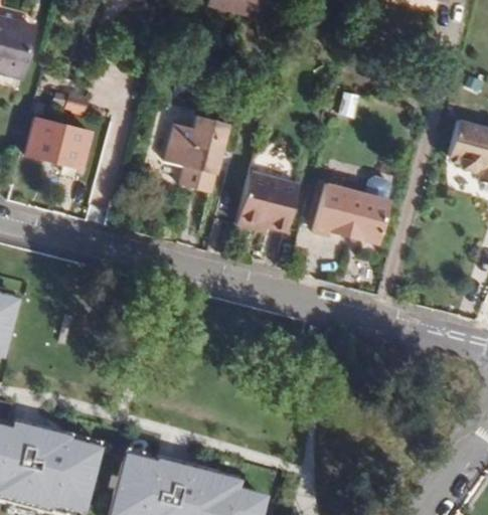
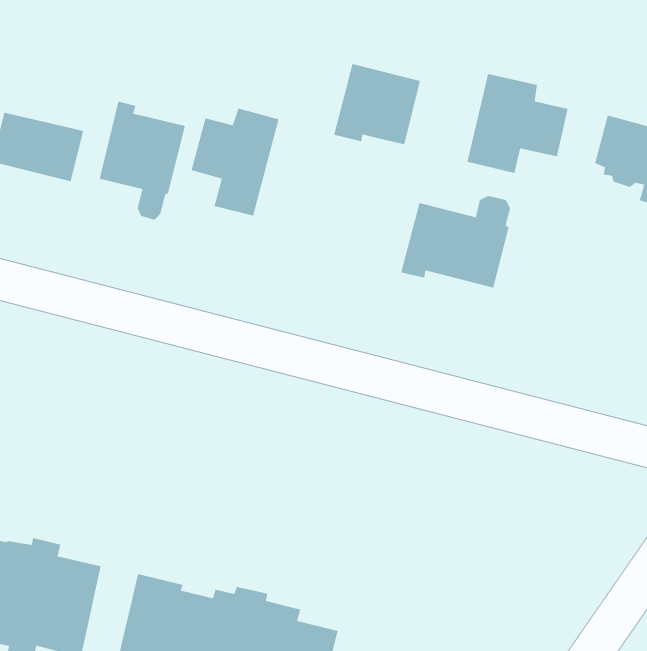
building: none -> [467,73,568,174]
building: none -> [99,100,186,220]
building: [236,175,298,232] -> [333,63,421,145]

